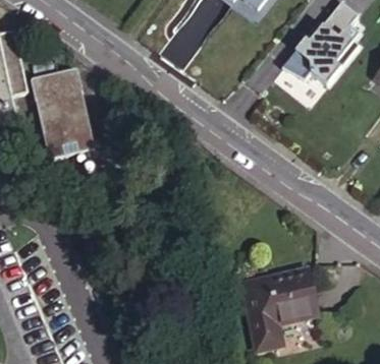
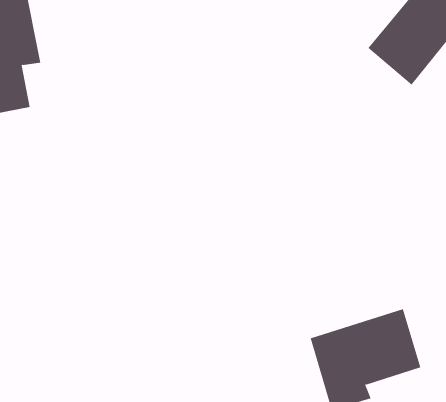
building: [29,81,94,172] -> none

